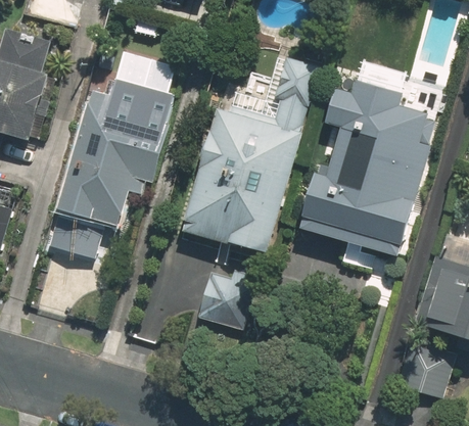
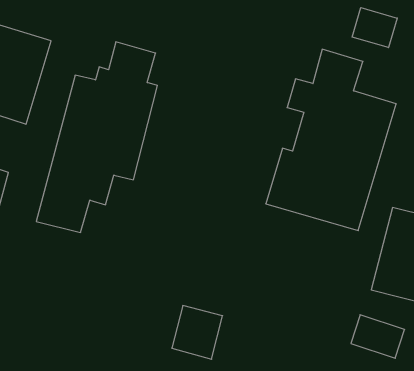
building: none -> [352,8,397,48]
building: [180,58,317,254] -> none
building: [197,272,253,331] -> [172,306,223,359]

